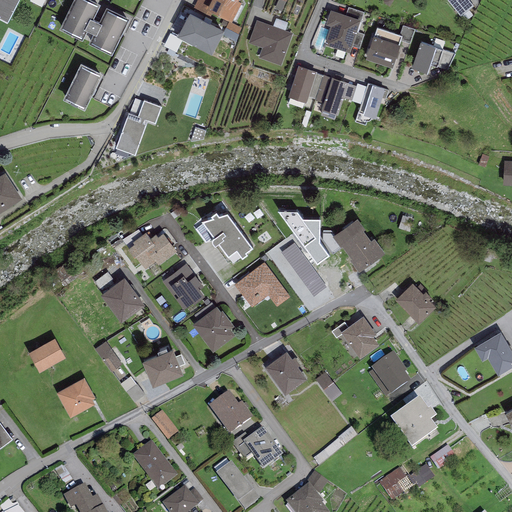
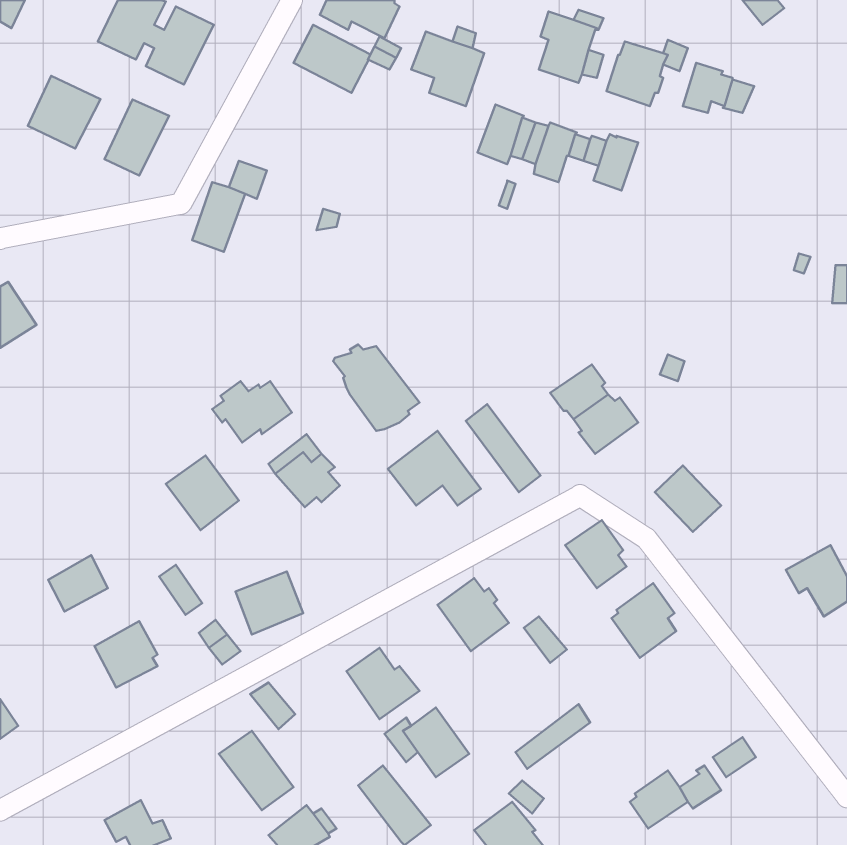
building: none -> [28,76,101,149]
building: [278,213,329,266] -> none
building: [192,304,235,351] -> none
building: [390,398,437,449] -> none

